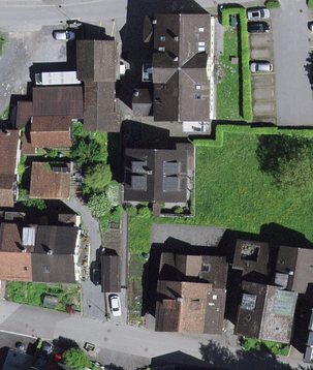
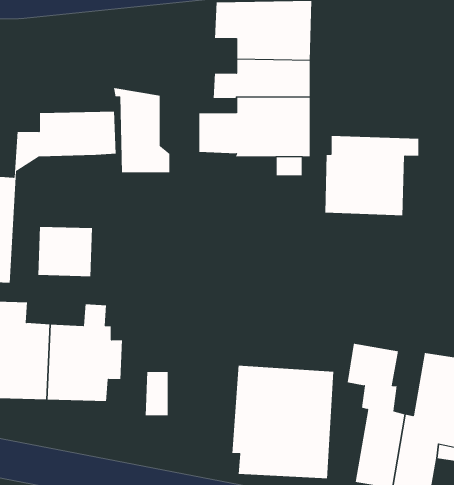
building: [77,43,112,80] -> none
building: [20,119,68,154] -> none
building: [128,144,190,196] -> [324,135,419,216]

